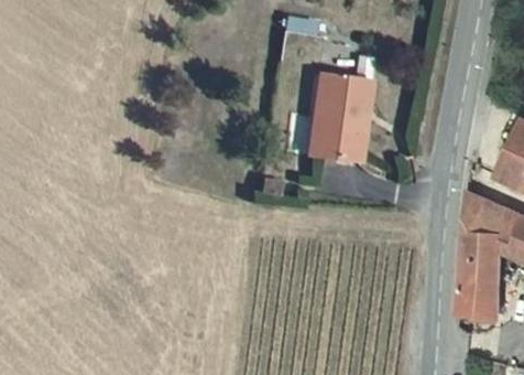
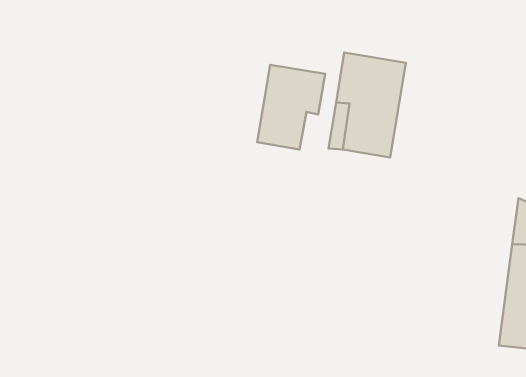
building: none -> [257,65,325,149]

